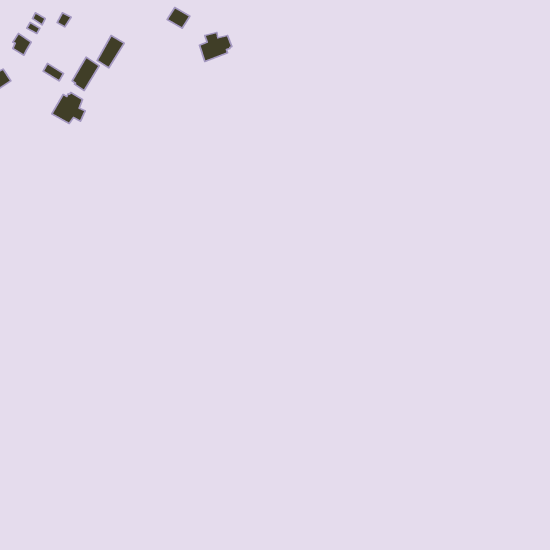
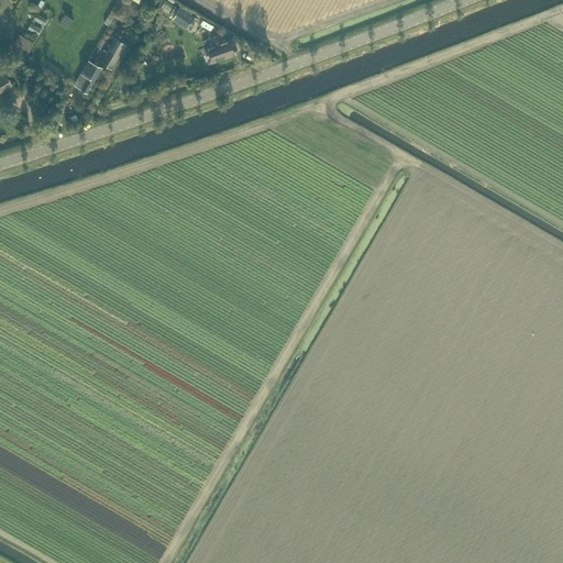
building: [52,92,85,124] -> none

